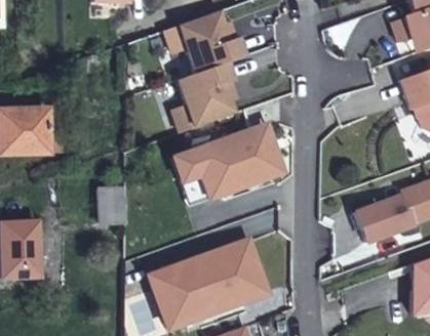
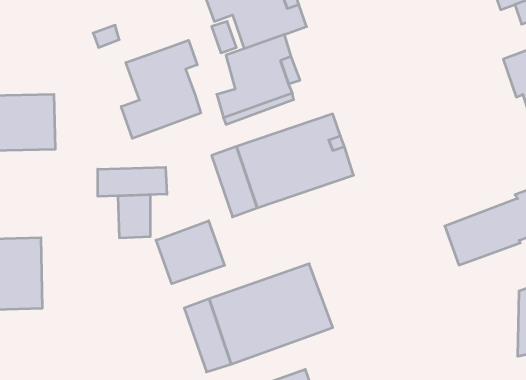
building: none -> [121,40,201,138]
building: none -> [98,167,167,196]
building: none -> [156,221,225,284]

